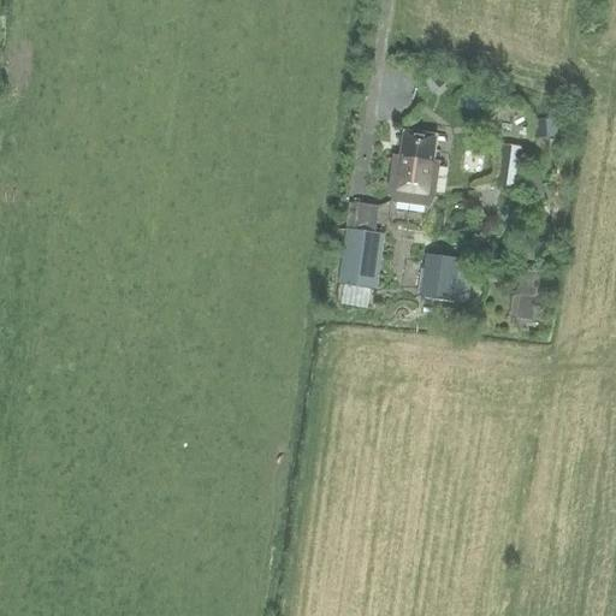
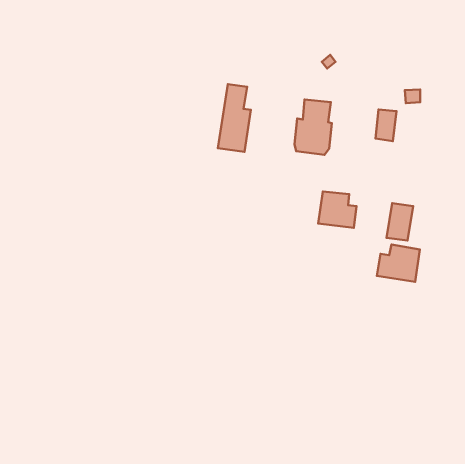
building: [339,199,383,288] -> [218,84,251,152]
building: none -> [377,244,420,282]

